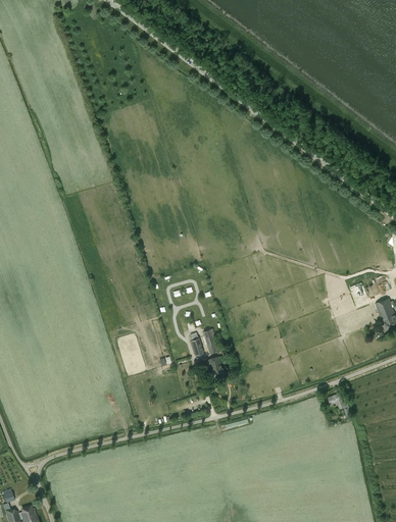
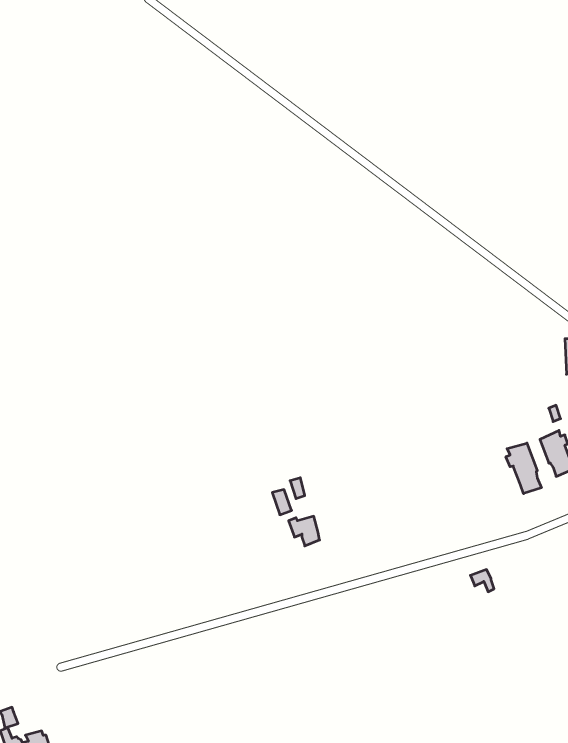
building: none -> [506,443,541,494]

